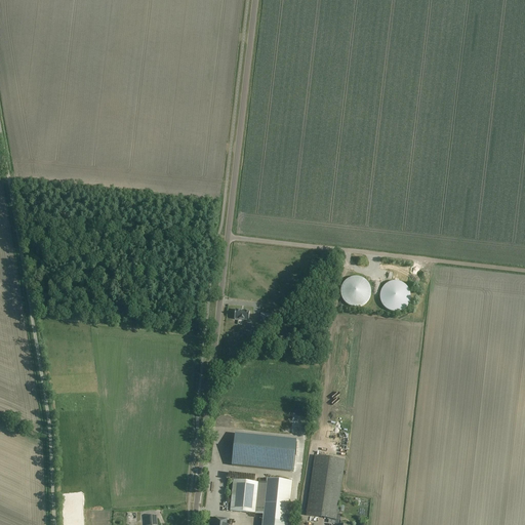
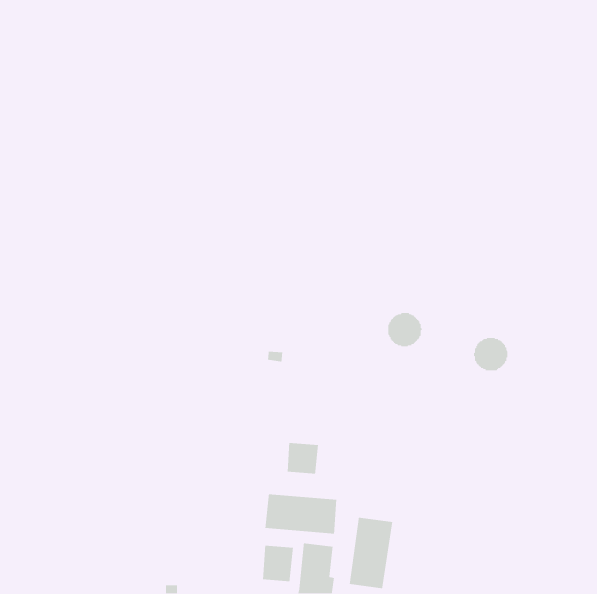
building: [378,279,409,309] -> [473,337,508,371]
building: none -> [287,442,319,474]

